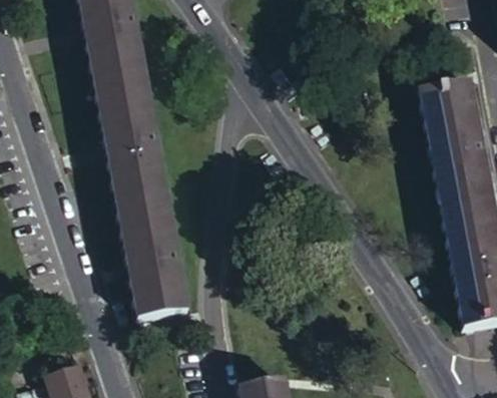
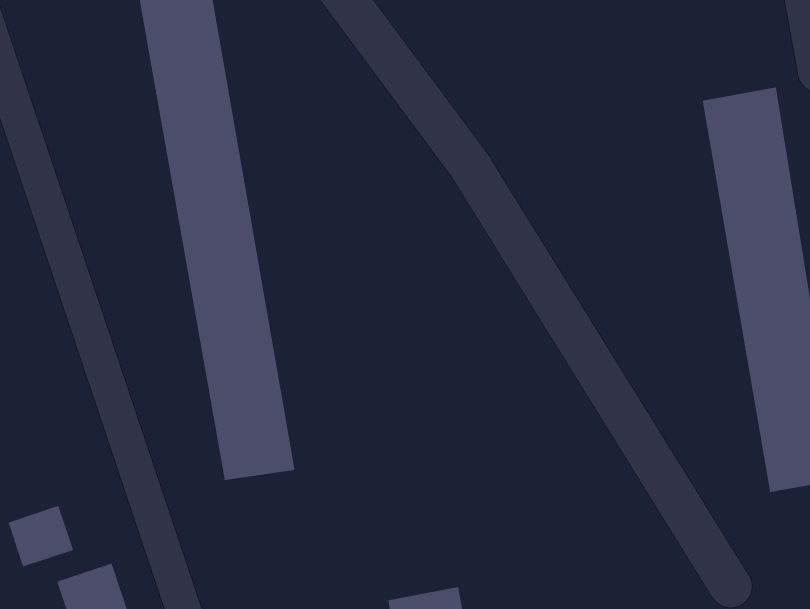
building: none -> [7,505,74,568]

